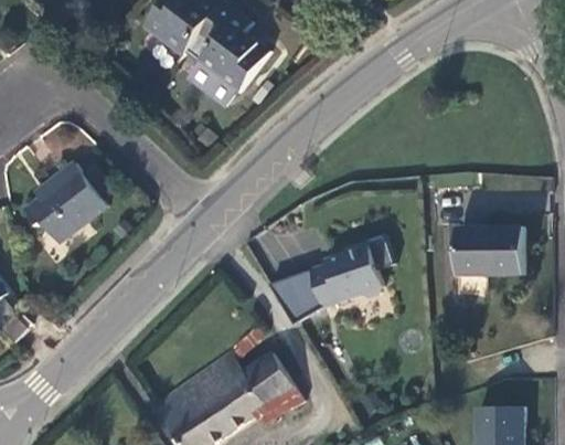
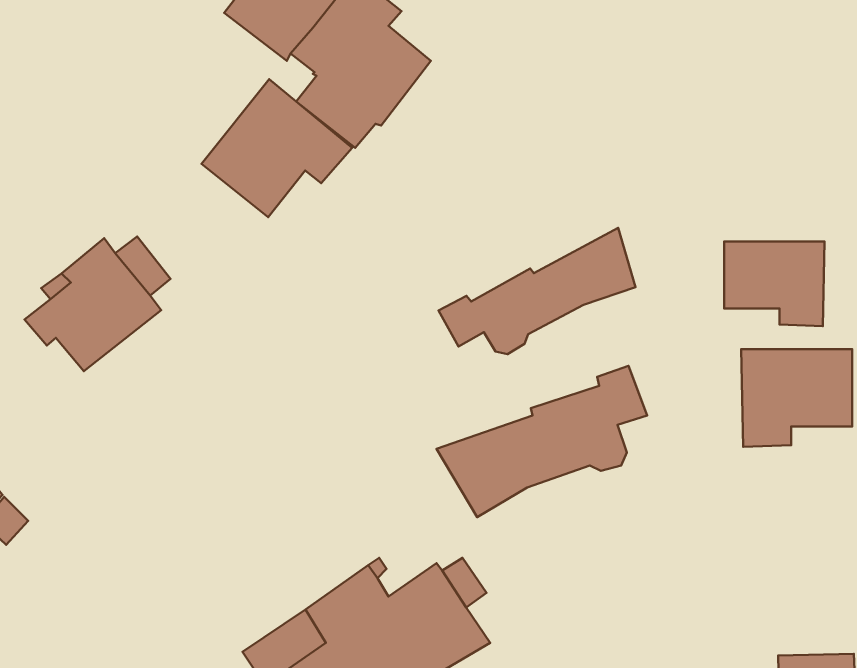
building: none -> [201,79,352,217]
building: none -> [439,228,635,354]
building: none -> [724,241,825,326]

